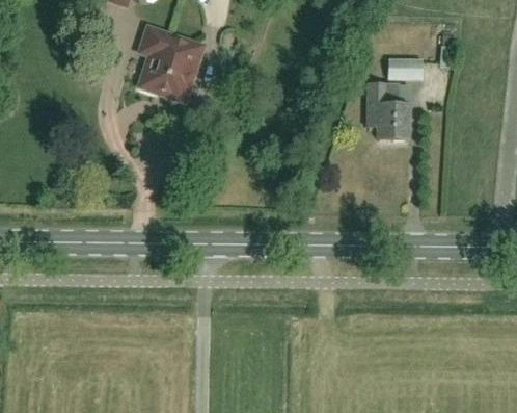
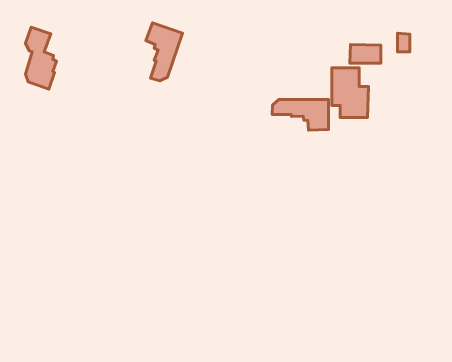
building: [141,27,175,96] -> [25,27,56,89]
building: none -> [272,99,329,130]

